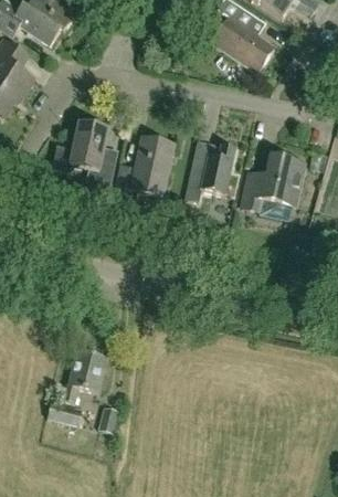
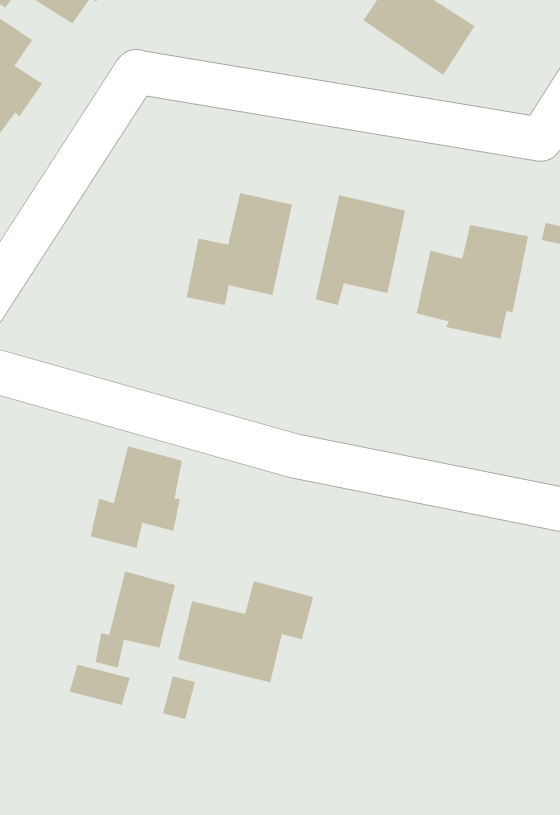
building: [53,123,117,190] -> none
building: none -> [90,445,183,549]
building: none -> [177,580,314,683]

